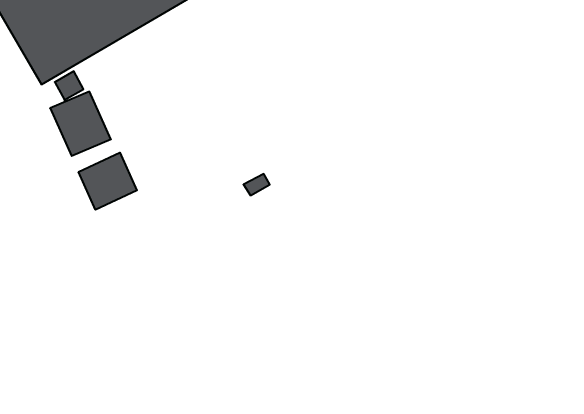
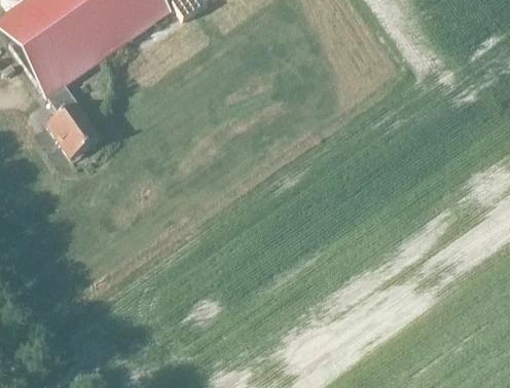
building: [79,153,137,210] -> none

